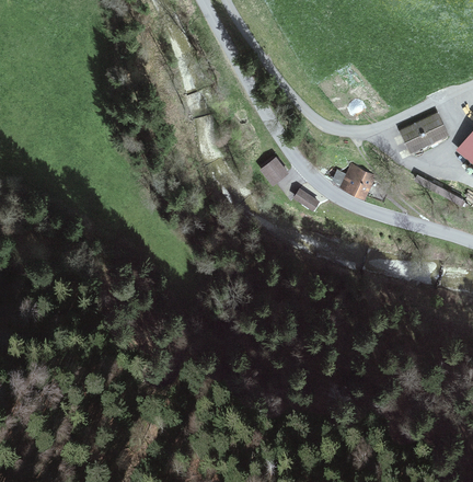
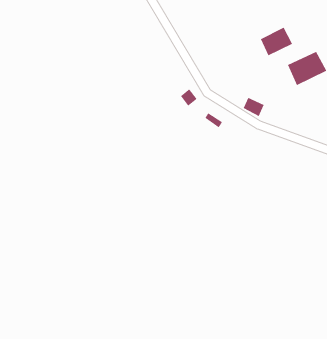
building: none -> [260,27,293,56]

